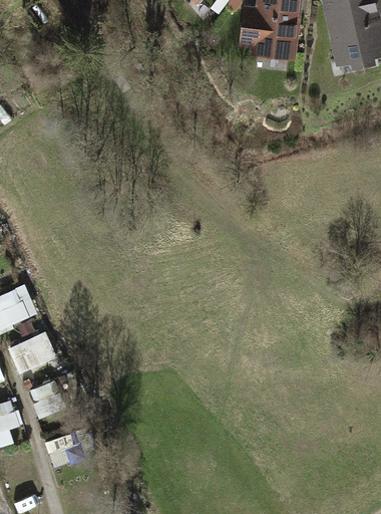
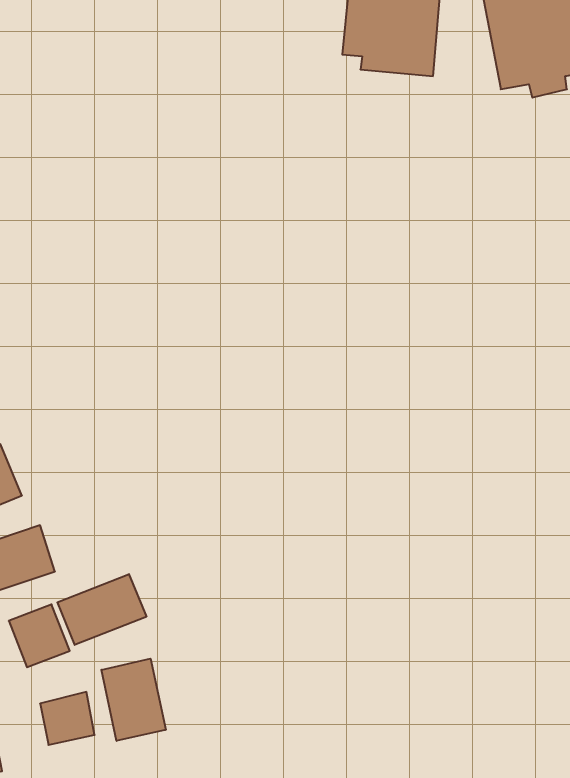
building: none -> [57,574,146,645]
building: none -> [101,659,166,741]

